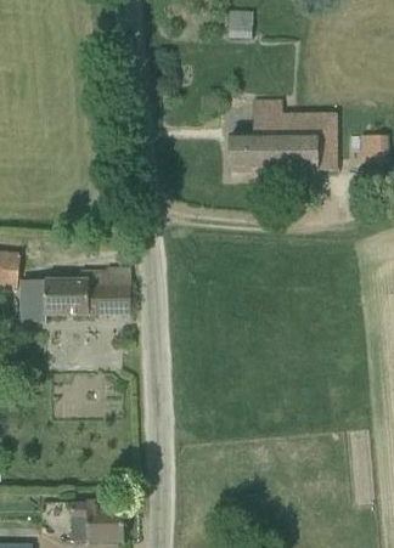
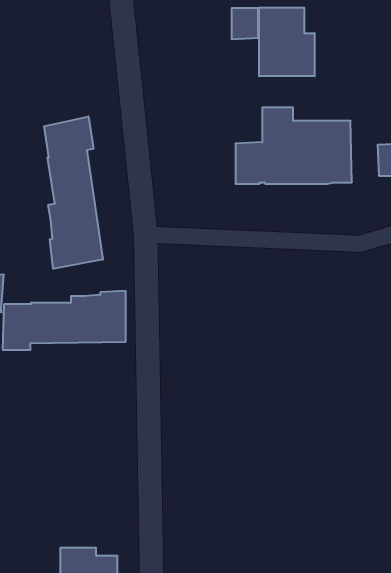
building: none -> [259,8,315,76]
building: none -> [44,116,103,269]

